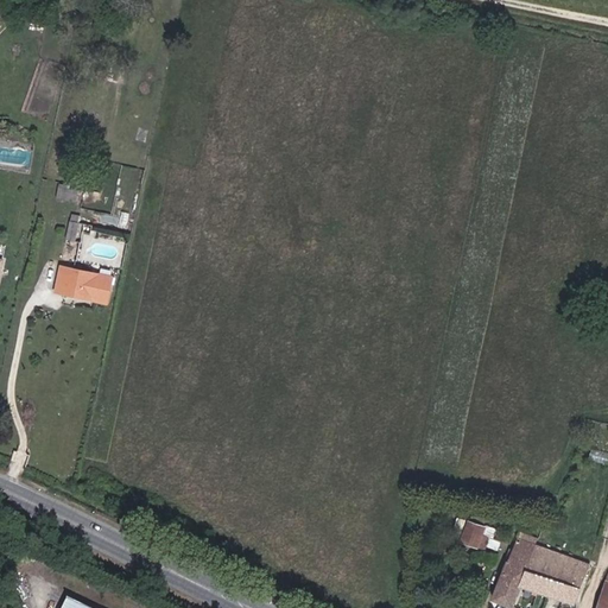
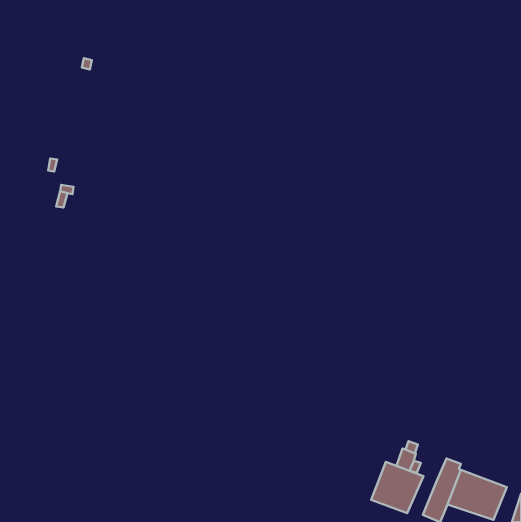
building: [55,267,110,303] -> none
building: none -> [371,462,424,513]

